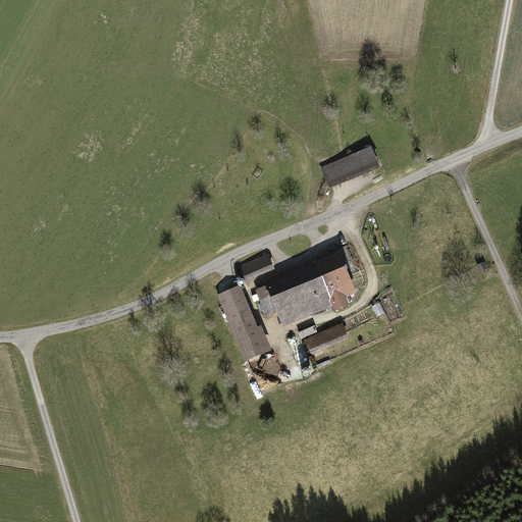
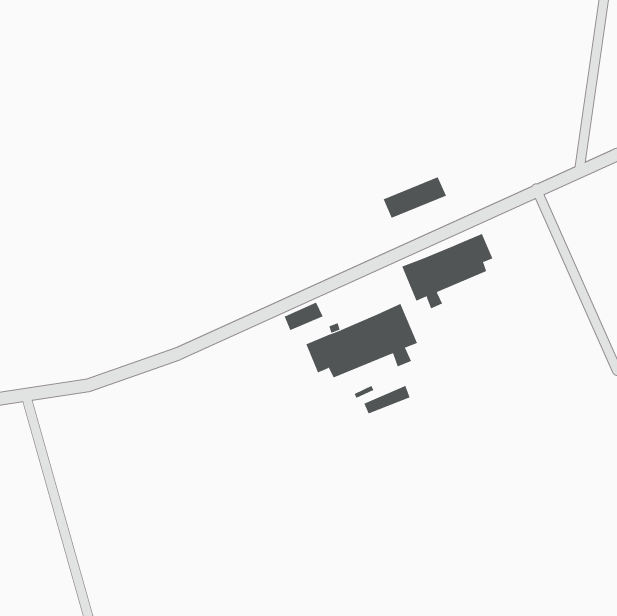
building: none -> [402,233,493,309]
building: [221,289,268,358] -> none

